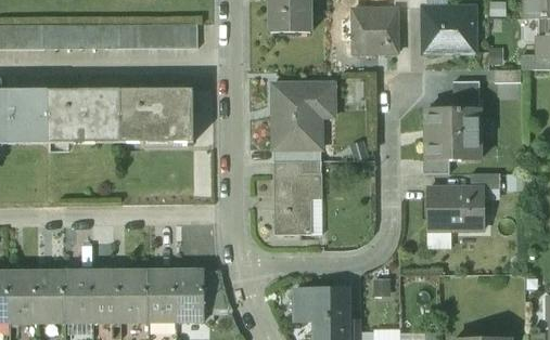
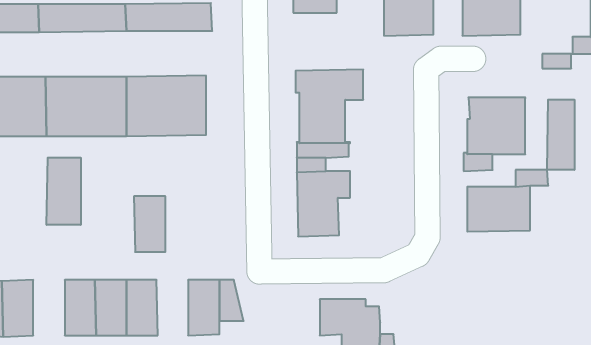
building: [452,80,478,107] -> none
building: none -> [547,100,574,170]
building: none -> [47,158,81,225]
building: [37,271,65,321] -> none
building: [148,271,176,321] -> [134,196,165,252]

